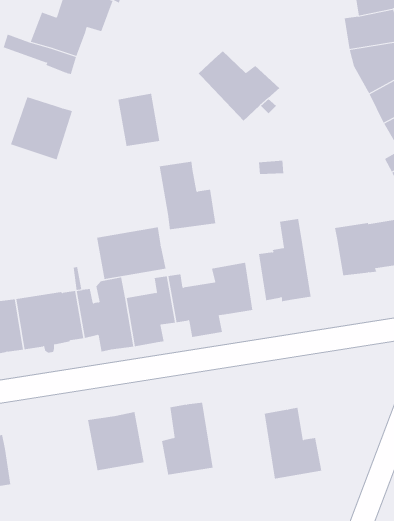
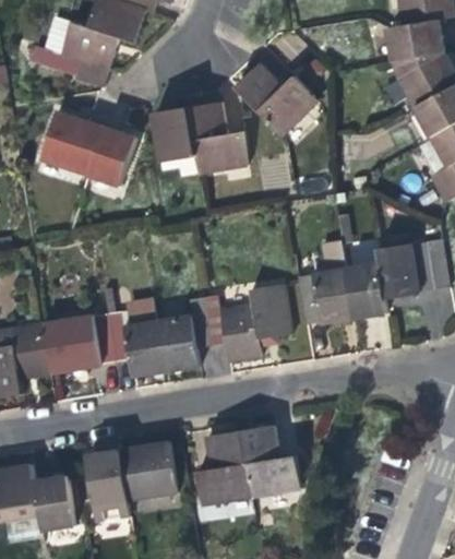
building: none -> [86,126,135,187]
building: [159,161,216,230] -> [185,102,246,174]
building: [96,227,166,280] -> none
building: none -> [344,260,388,320]
building: [264,407,322,479] -> [239,424,300,499]
building: none -> [85,449,130,523]
building: none -> [33,474,75,533]

